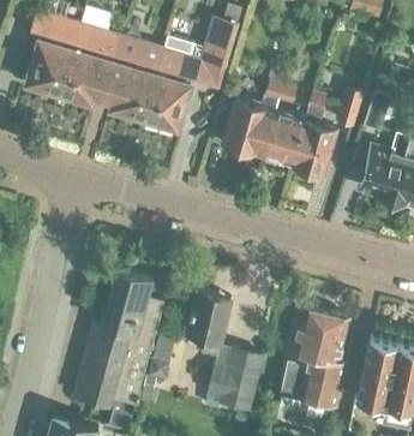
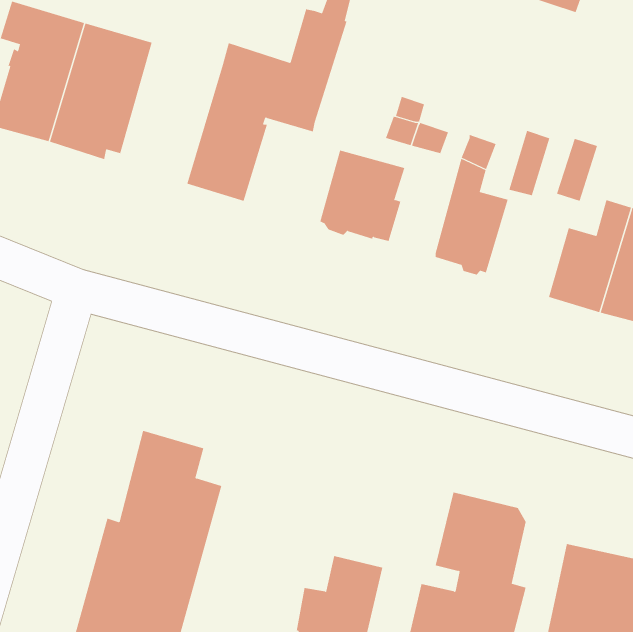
building: [102,36,163,121] -> none
building: [264,112,304,163] -> none
building: [186,293,232,360] -> none

